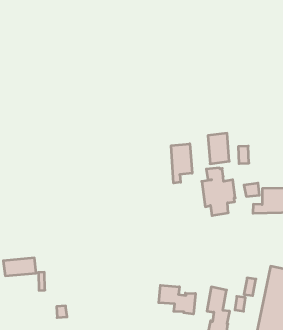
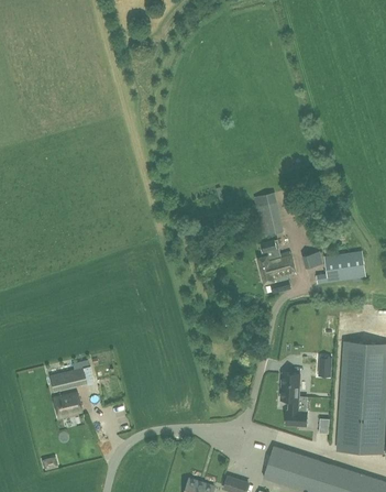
building: [171,144,192,183] -> none
building: none -> [53,392,82,419]
building: [159,285,195,314] -> none

